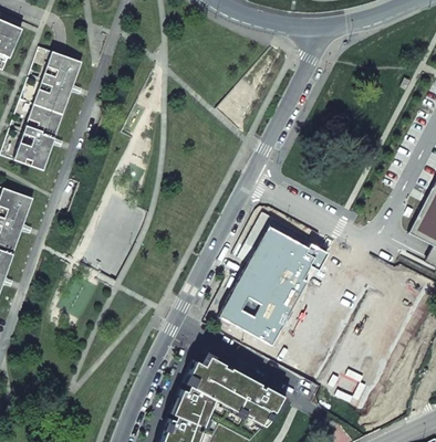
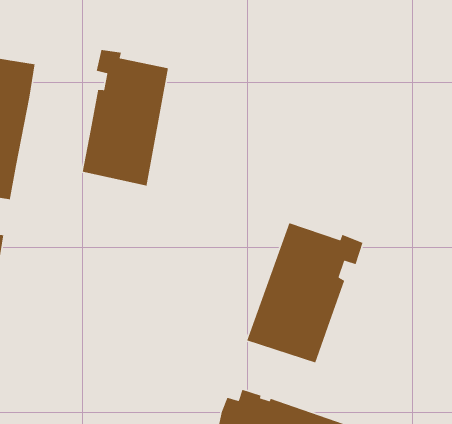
building: none -> [82,49,169,186]

